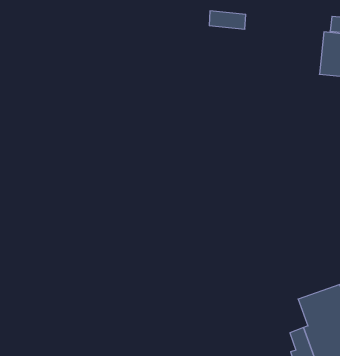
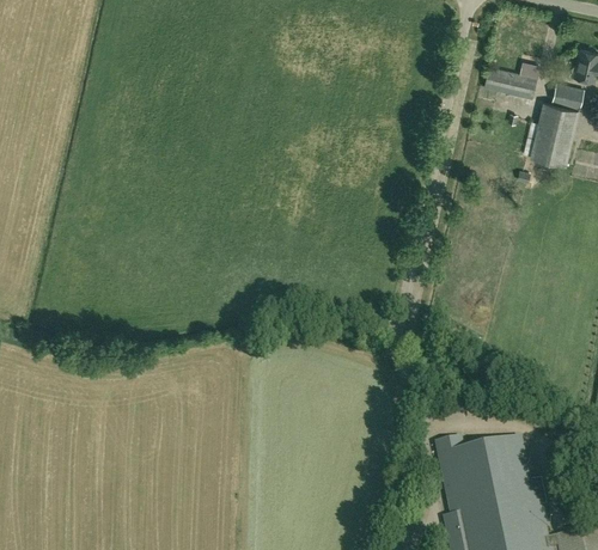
building: [209,11,246,29] -> [484,69,535,99]
building: none -> [435,439,471,495]

